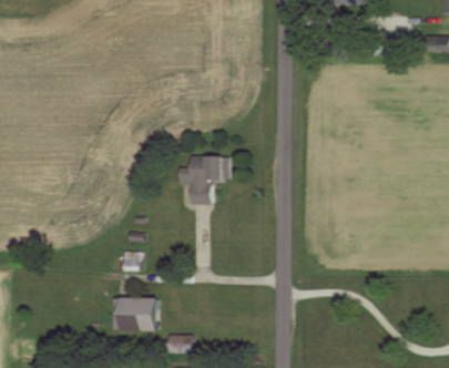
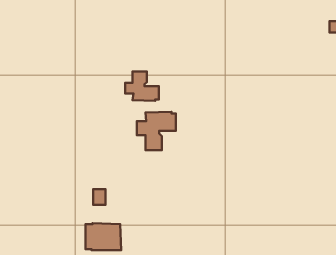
building: none -> [125,72,159,101]

